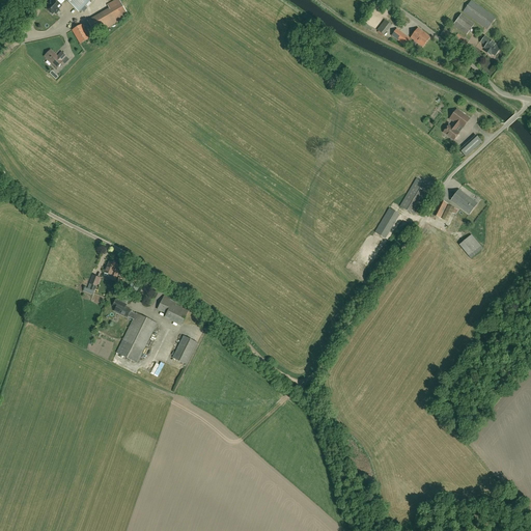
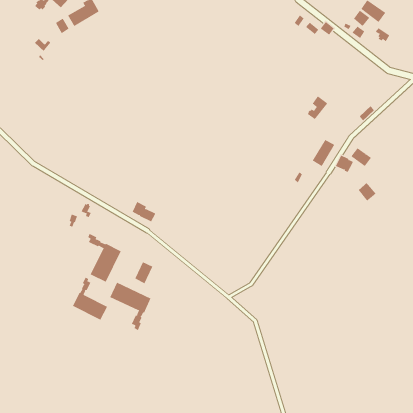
building: [442,108,469,139] -> [307,96,328,120]
building: [157,295,188,322] -> [132,201,156,222]
building: none -> [72,276,108,321]
building: none -> [110,282,151,331]

